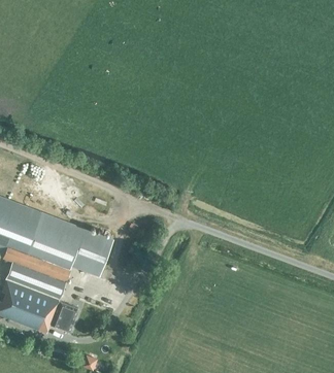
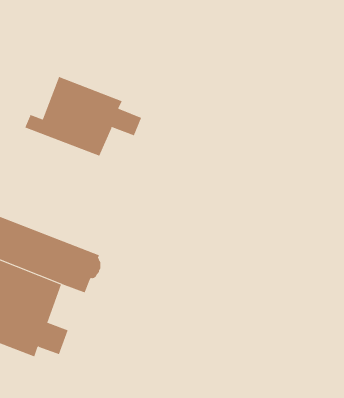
building: none -> [25,76,142,156]

